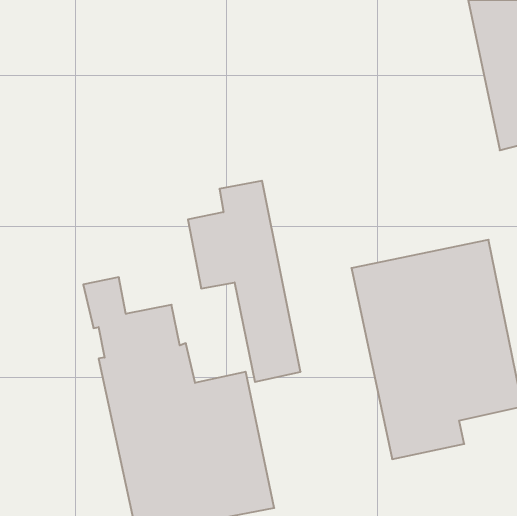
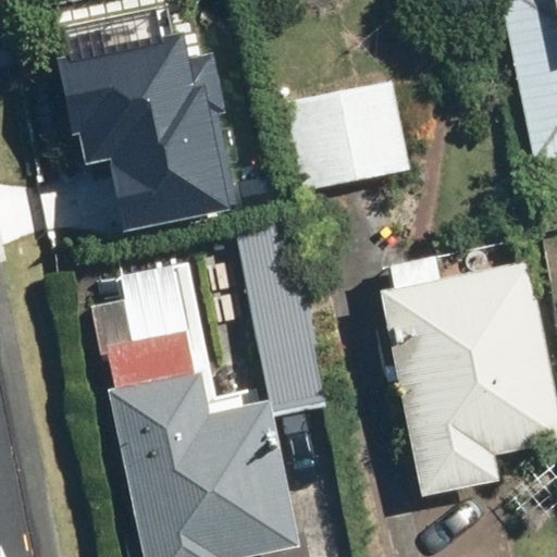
building: none -> [69,26,228,213]
building: none -> [290,83,418,190]

